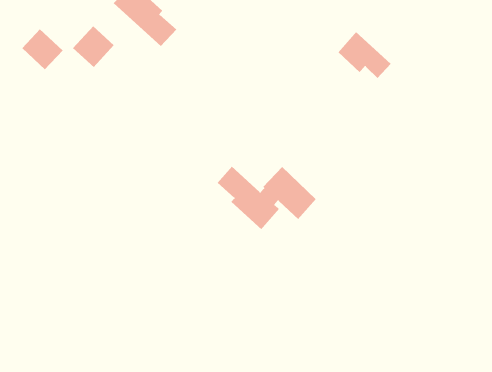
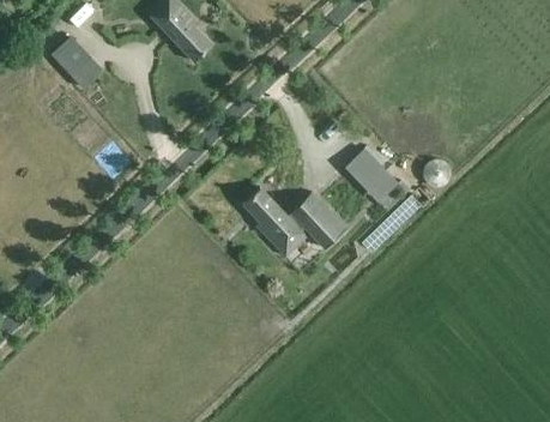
building: [72,25,114,68] -> none
building: [337,31,392,79] -> [345,149,400,199]

